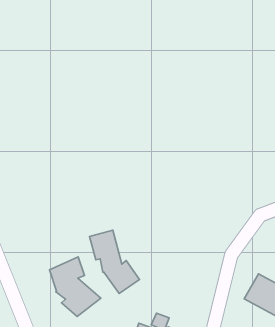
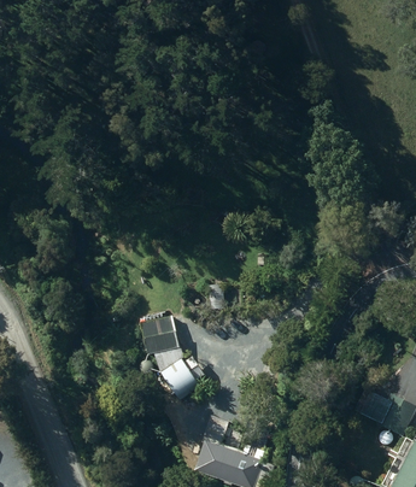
building: [49,257,101,317] -> none

